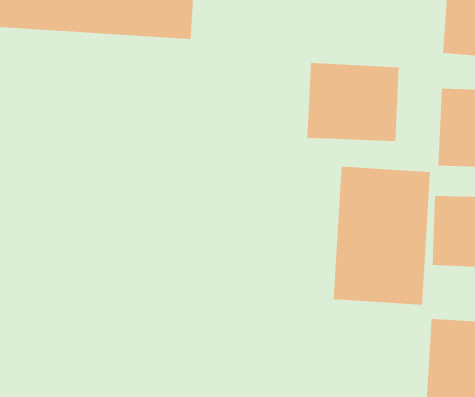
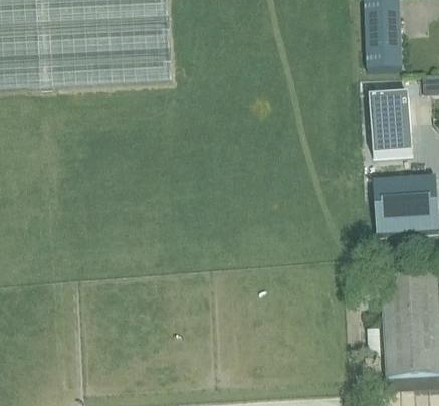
building: [307,62,399,142] -> none
building: [333,166,431,305] -> none

